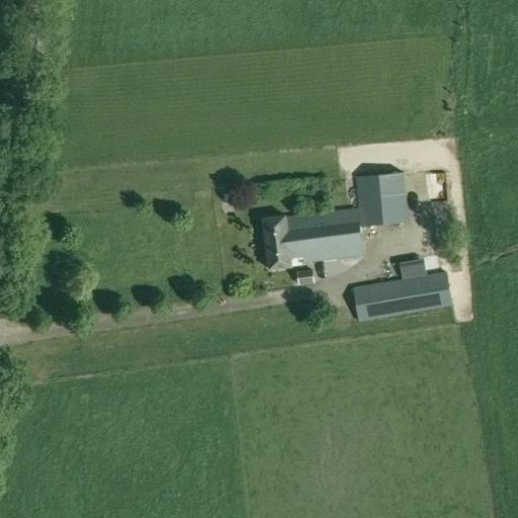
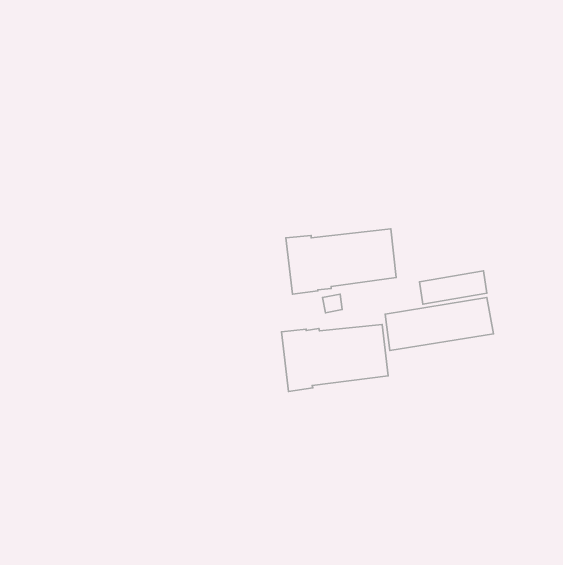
building: [356,172,407,227] -> none
building: none -> [282,325,388,391]

